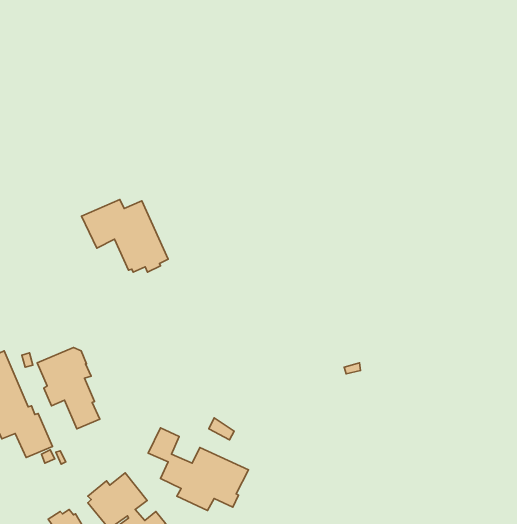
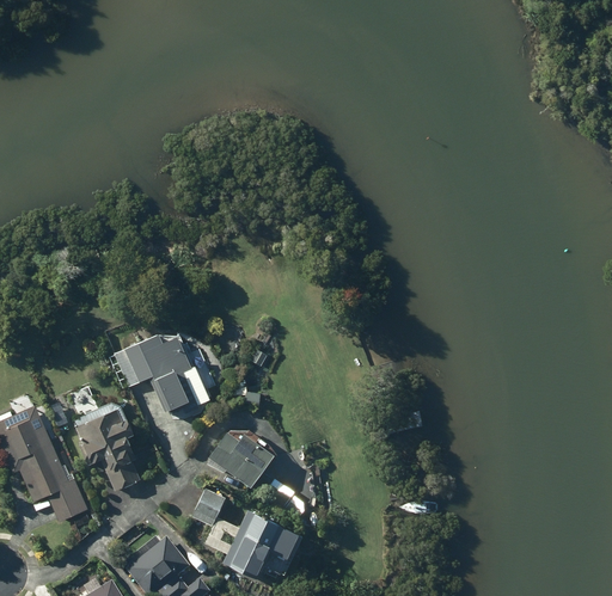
building: [81,200,168,272] -> [115,336,209,414]
building: none -> [209,431,273,487]

